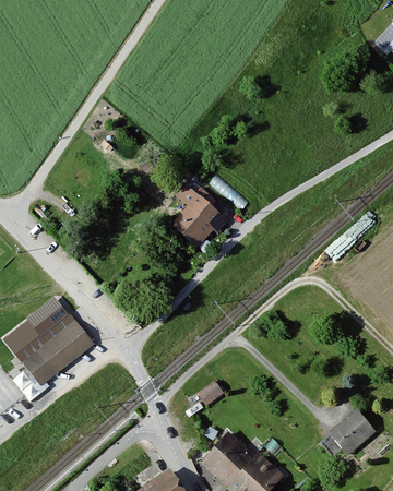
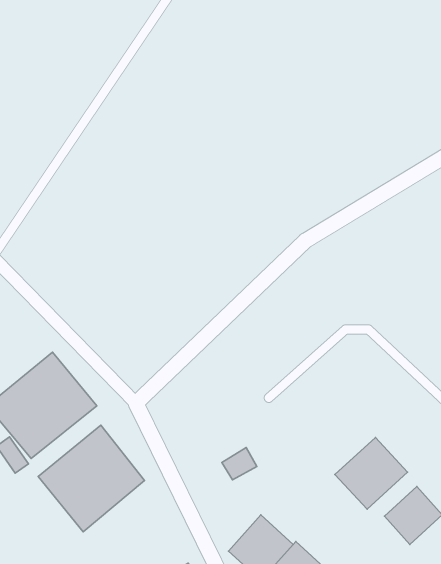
building: [172,182,221,244] -> none
building: none -> [38,425,144,532]
building: none -> [335,437,408,509]

